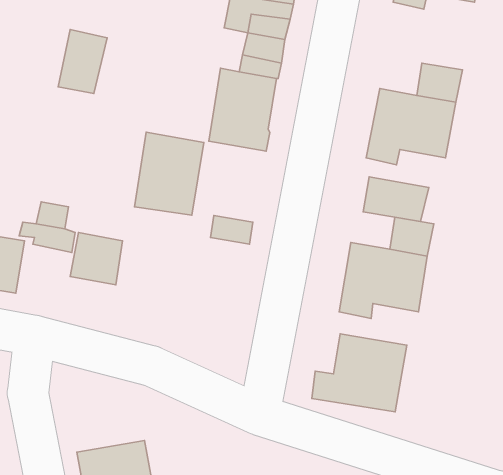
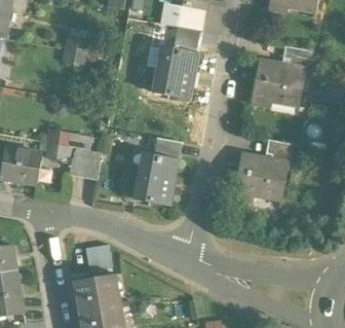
building: [134,132,204,215] -> [135,154,177,205]
building: [363,177,429,222] -> none
building: [312,334,407,412] -> none
building: none -> [85,245,112,270]

